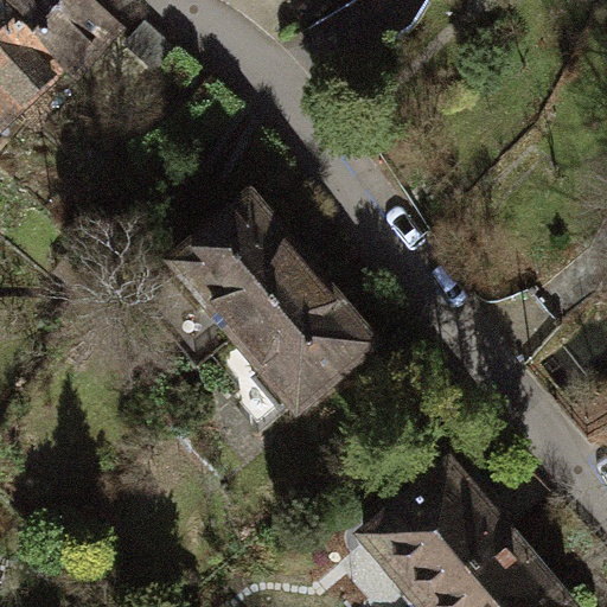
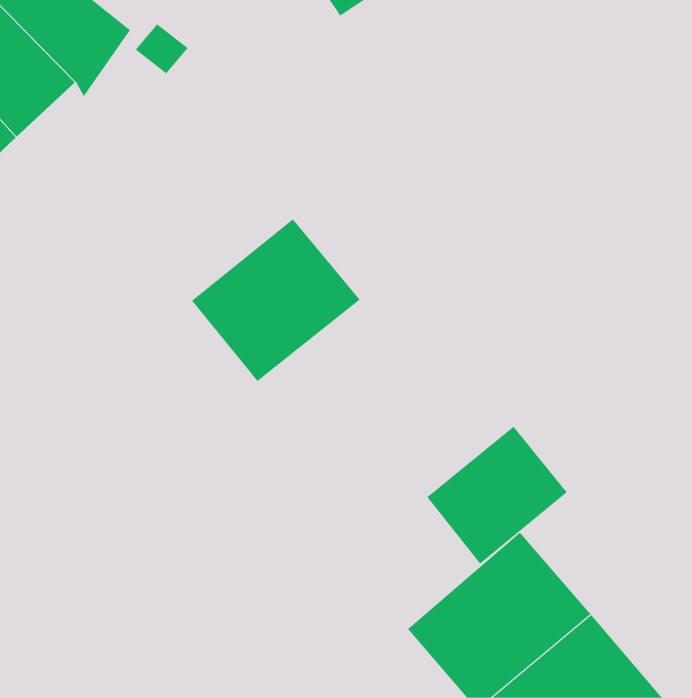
building: [202,258,385,434] -> none
building: none -> [426,426,568,565]

